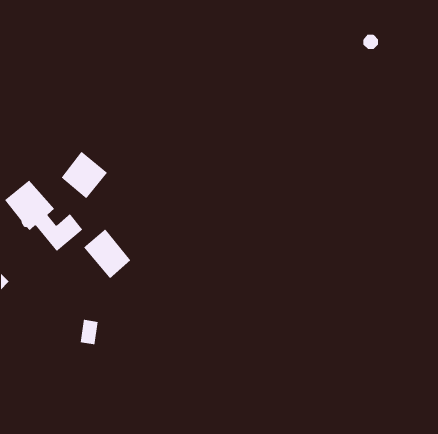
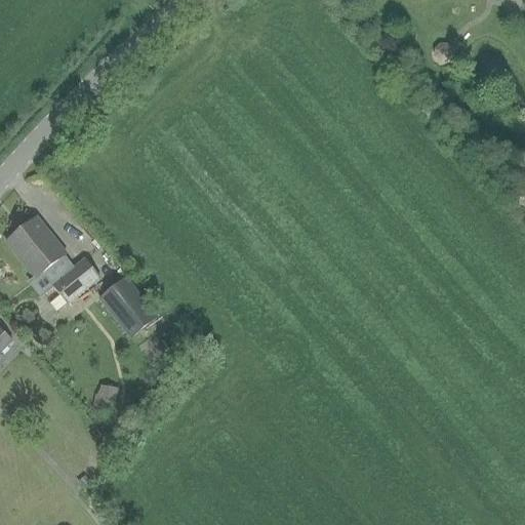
building: [61,151,108,199] -> none

